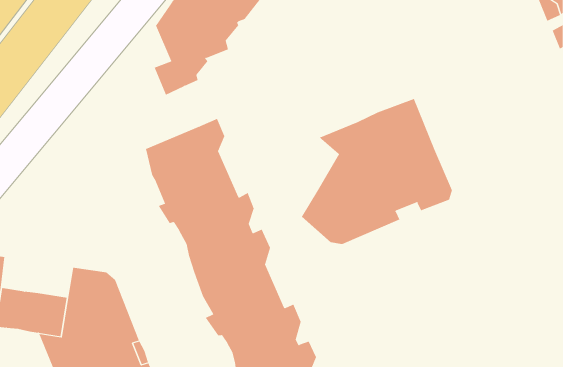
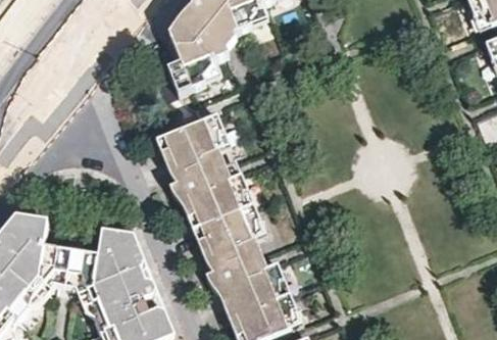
building: [301,98,453,245] -> none

